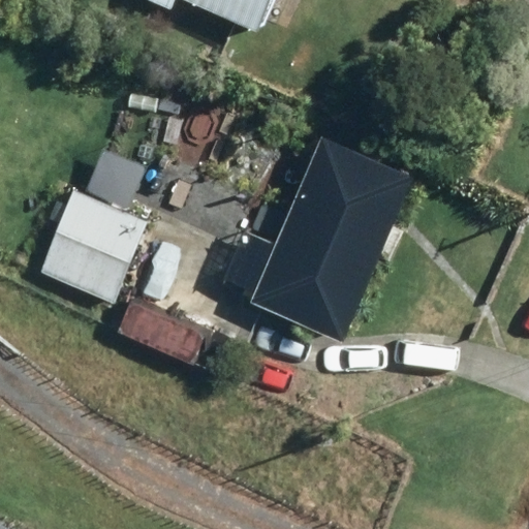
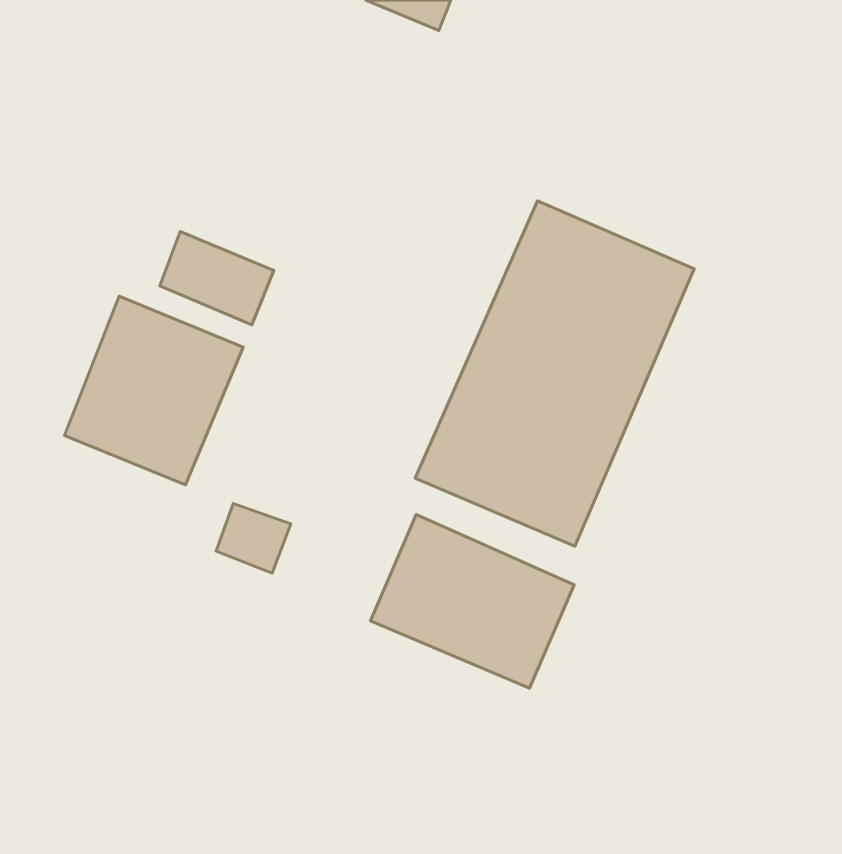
building: none -> [371,514,574,688]

